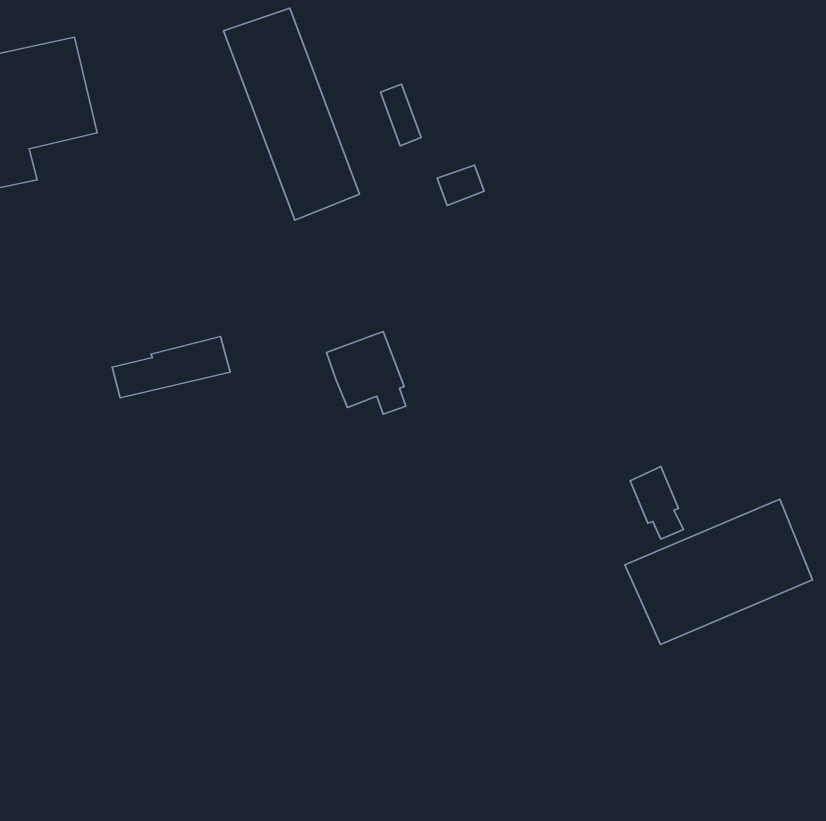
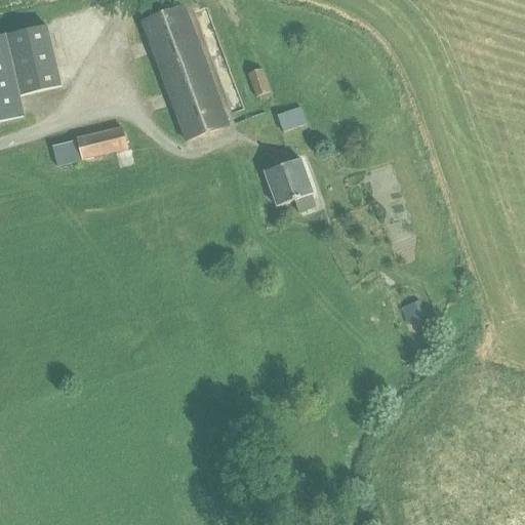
building: [327,332,406,414] -> [267,163,317,215]
building: [112,336,230,398] -> [52,125,127,164]
building: [625,499,813,645] -> none

